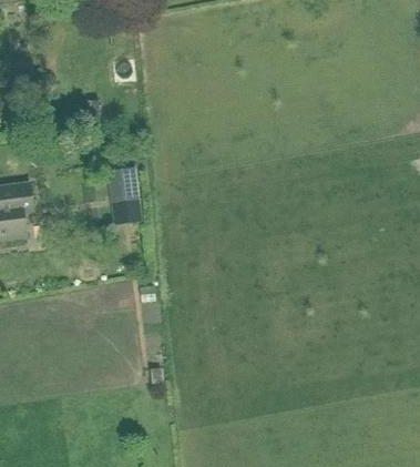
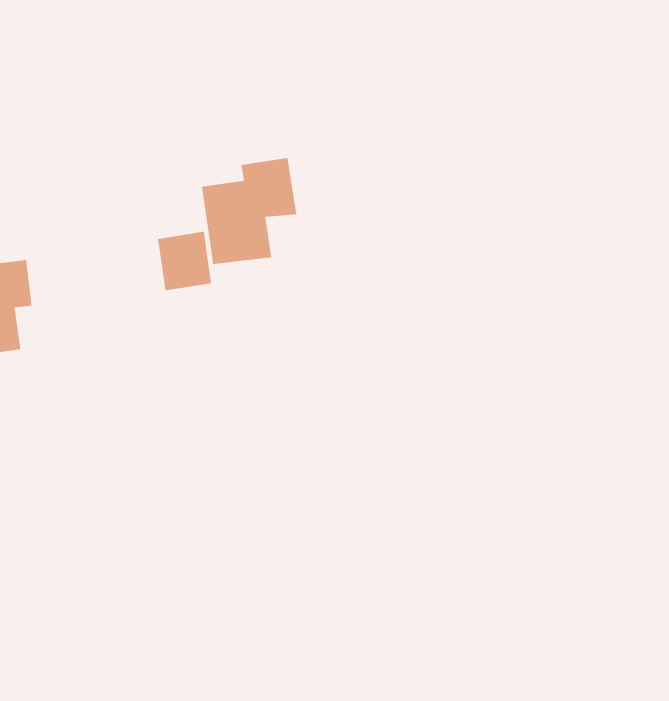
building: none -> [201,157,297,265]

